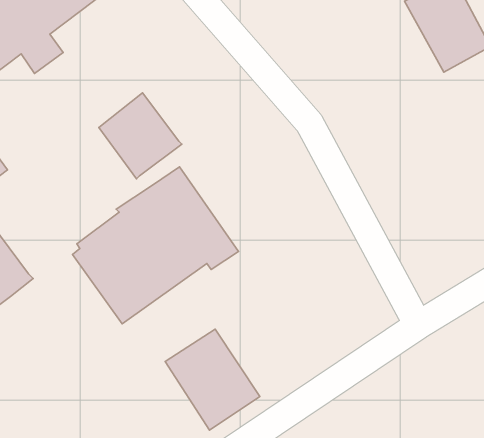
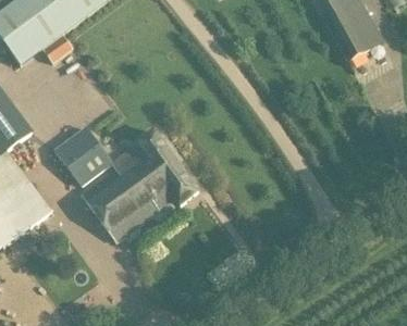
building: [99,93,182,179] -> [52,124,112,186]
building: [165,329,260,430] -> none

